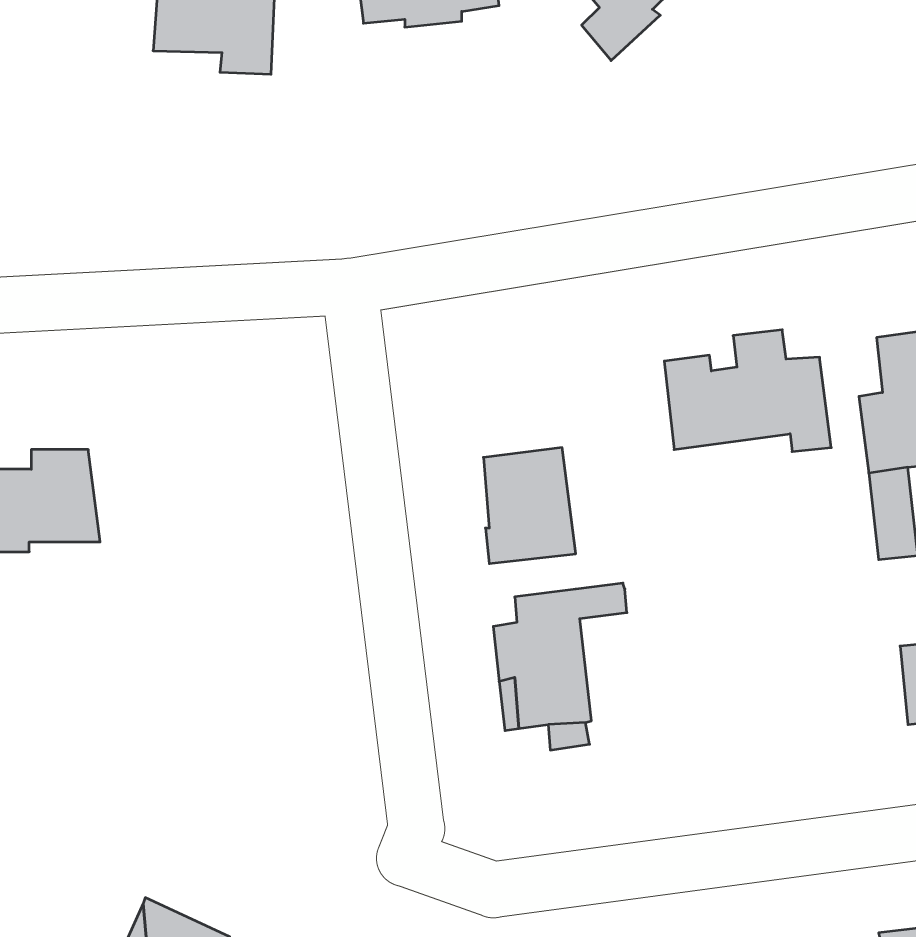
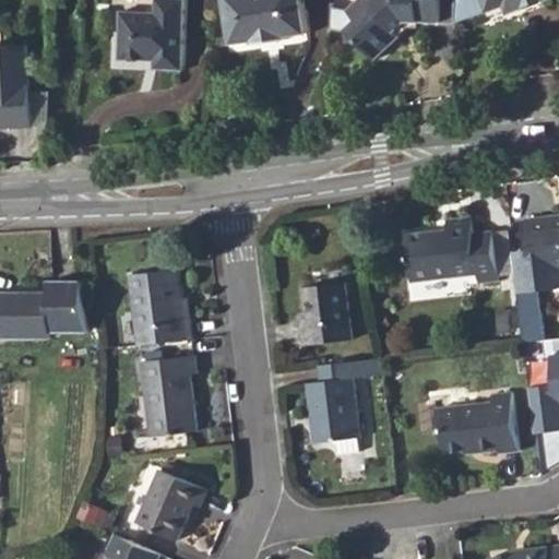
building: none -> [132,266,193,341]
building: none -> [143,356,197,437]
building: none -> [432,390,515,452]
building: none -> [136,468,206,539]

